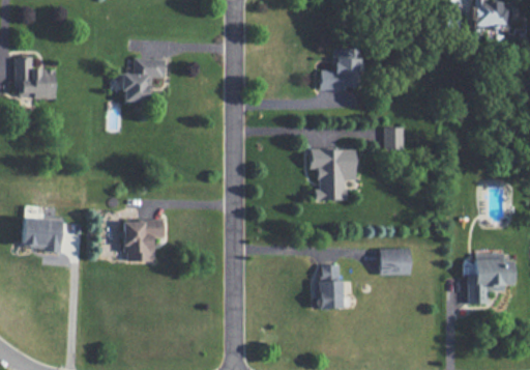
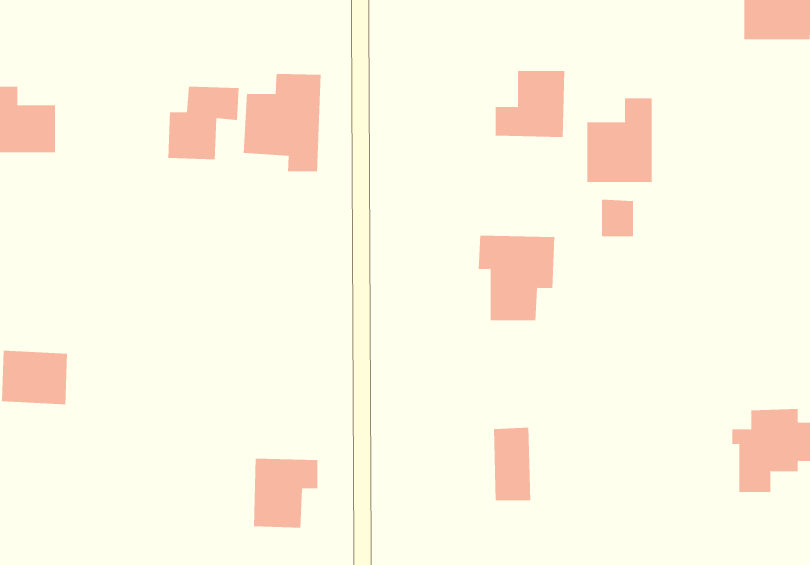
building: none -> [243,73,321,172]
building: none -> [587,98,652,183]
building: [123,220,163,262] -> [253,458,318,528]
building: [379,249,410,275] -> none

